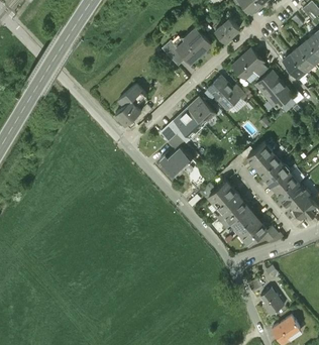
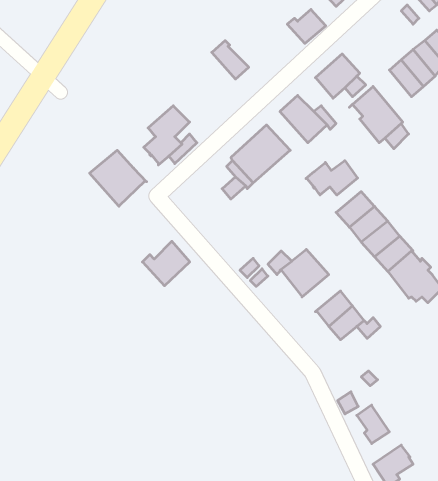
building: [174,27,212,62] -> none
building: none -> [90,150,147,206]
building: none -> [306,161,358,195]
building: [161,145,193,176] -> [142,241,190,286]
building: [219,199,250,229] -> none

